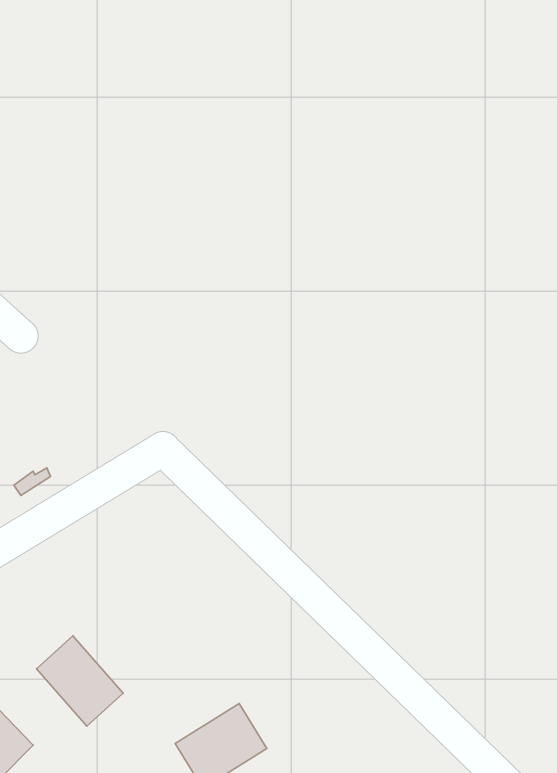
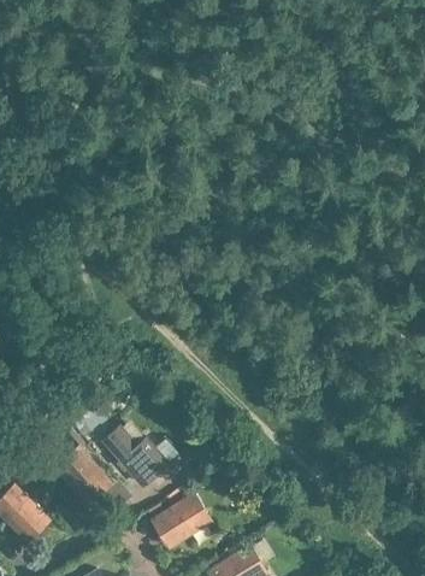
building: none -> [100,424,170,489]

